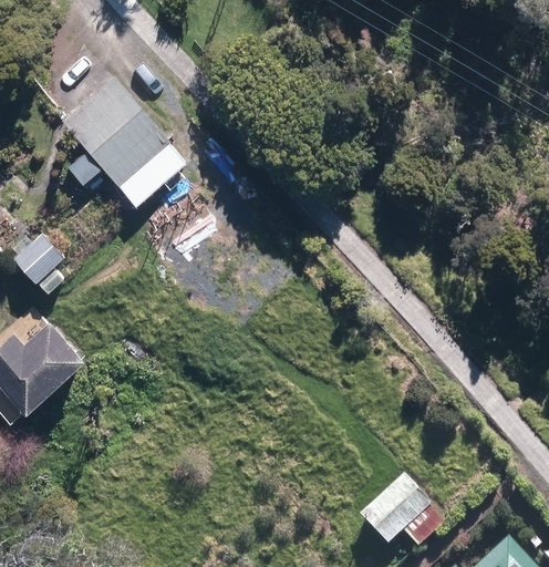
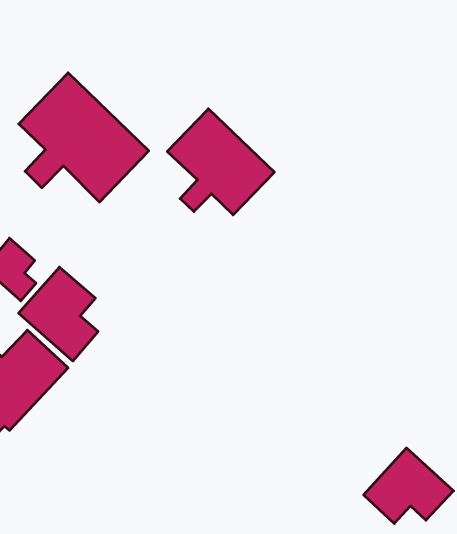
building: none -> [167,109,274,215]
building: none -> [19,267,98,361]

